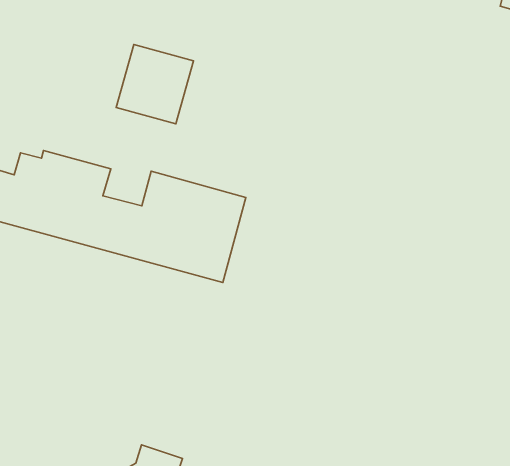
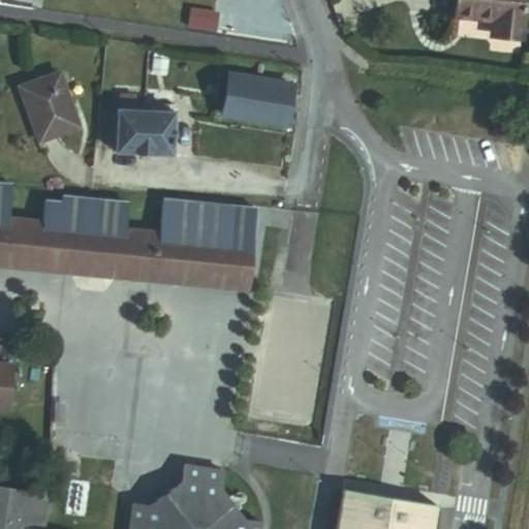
building: none -> [23,80,82,147]
building: none -> [222,80,287,123]

